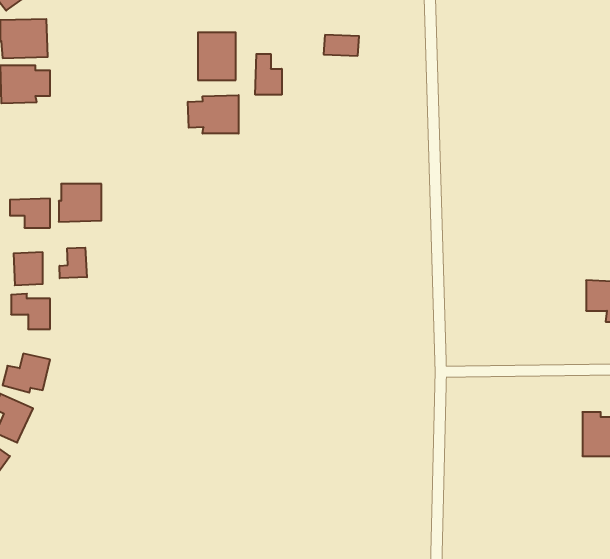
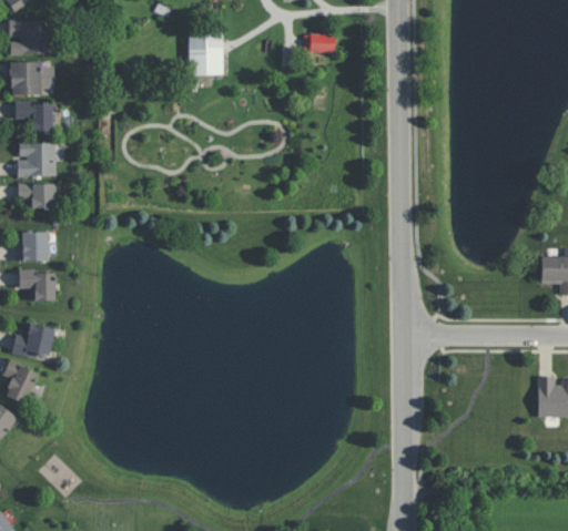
building: [255,54,282,95] -> none
building: [188,95,239,134] -> none
building: none -> [14,102,53,131]
building: [59,184,101,222] -> [17,142,55,176]
building: [60,248,87,278] -> none

